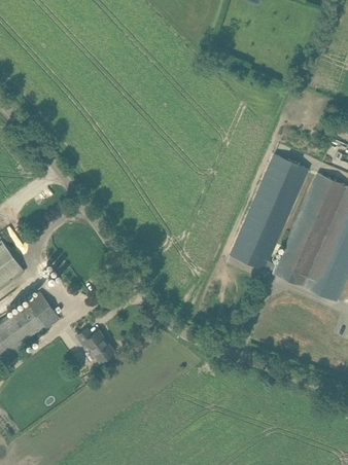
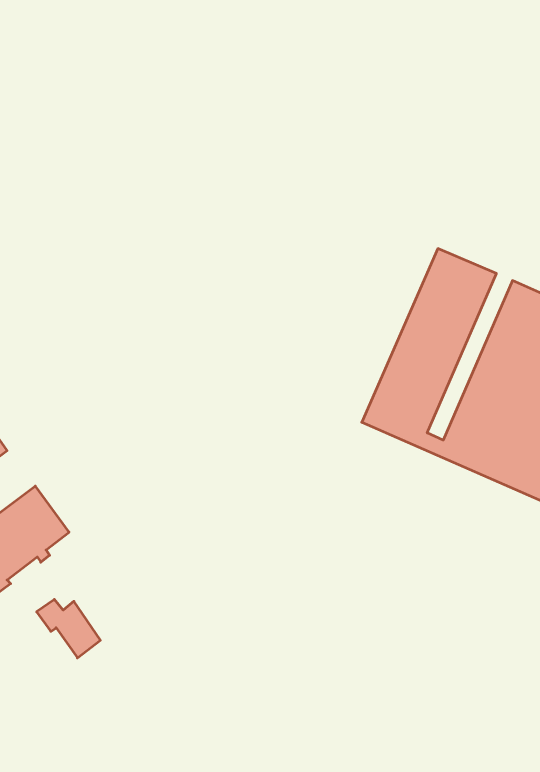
building: [76,328,113,362] -> [37,599,100,658]

